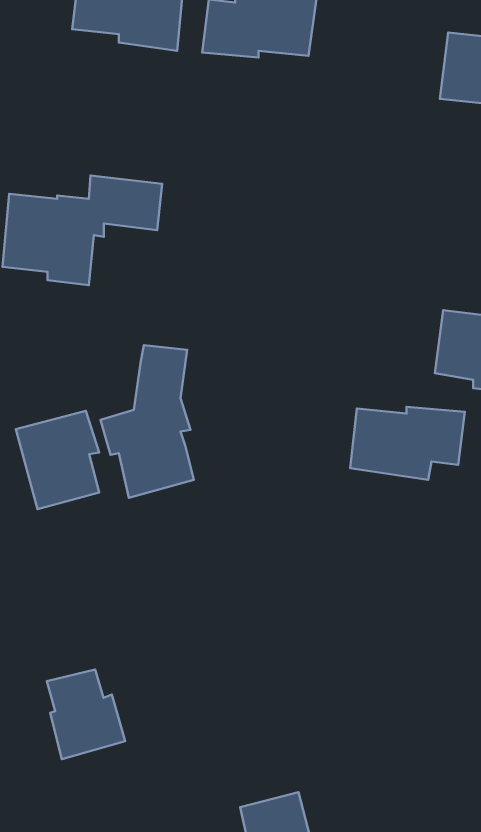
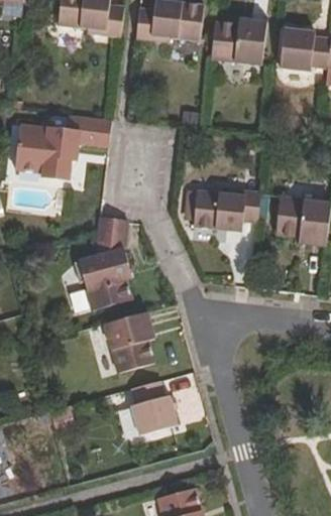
building: none -> [211,17,265,64]
building: [350,407,465,480] -> [192,187,261,232]
building: [16,411,99,509] -> [103,311,153,371]
building: [47,670,125,759] -> [131,381,179,435]

